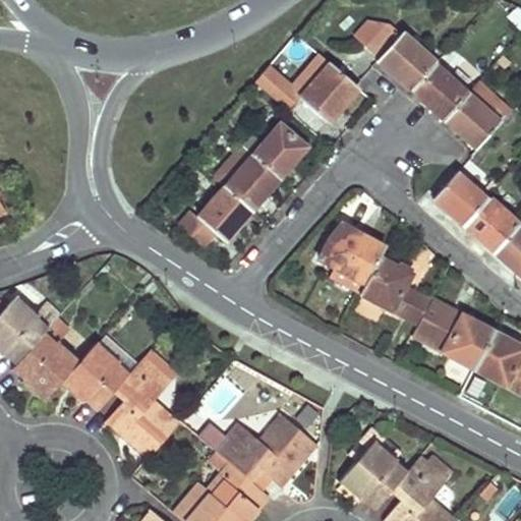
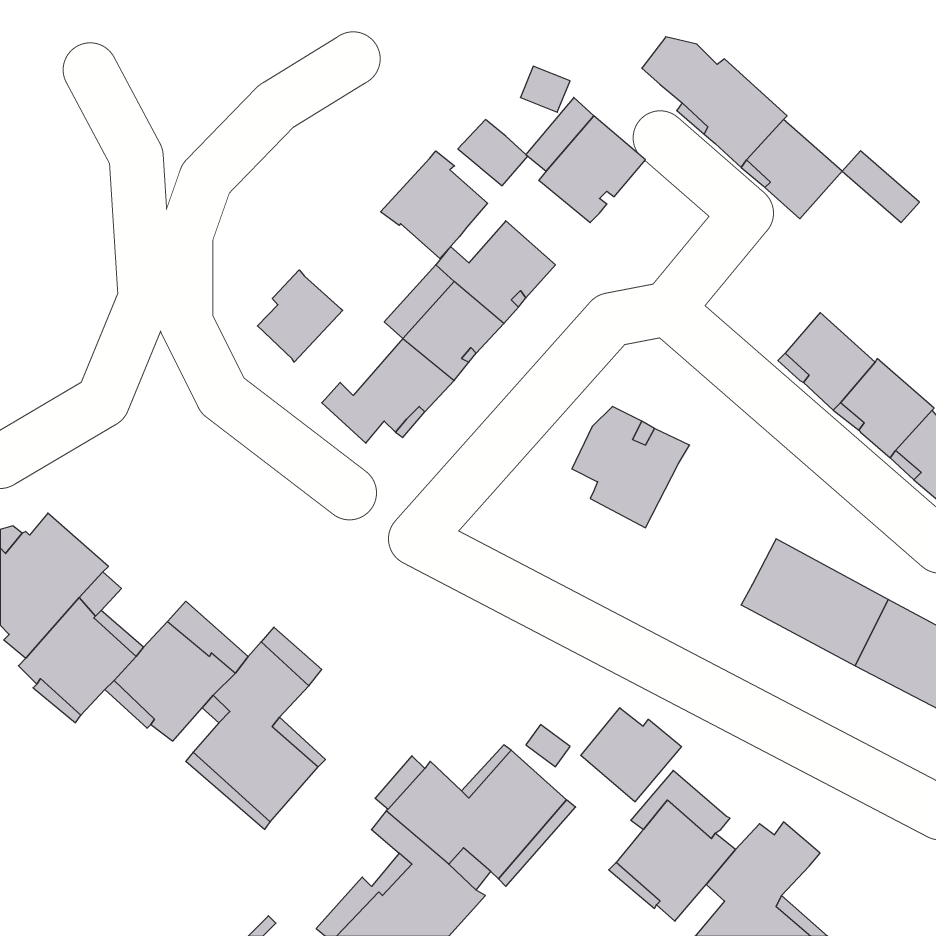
building: none -> [381,151,488,258]
building: [445,95,501,150] -> none
building: none -> [257,270,343,362]
building: [358,256,430,324] -> none
building: none -> [581,708,681,802]

